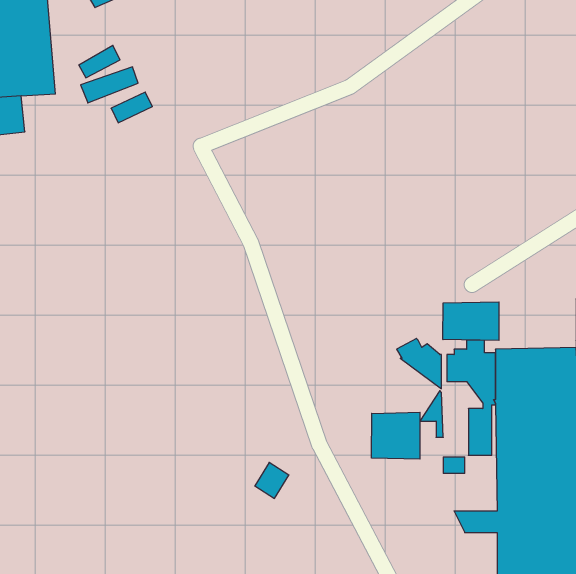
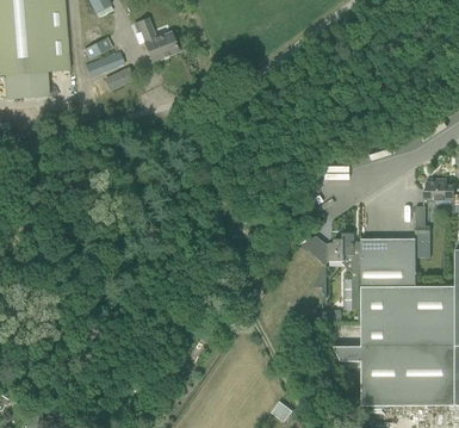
building: none -> [134,18,178,62]
building: [443,302,499,340] -> none
building: [372,412,420,459] -> none

